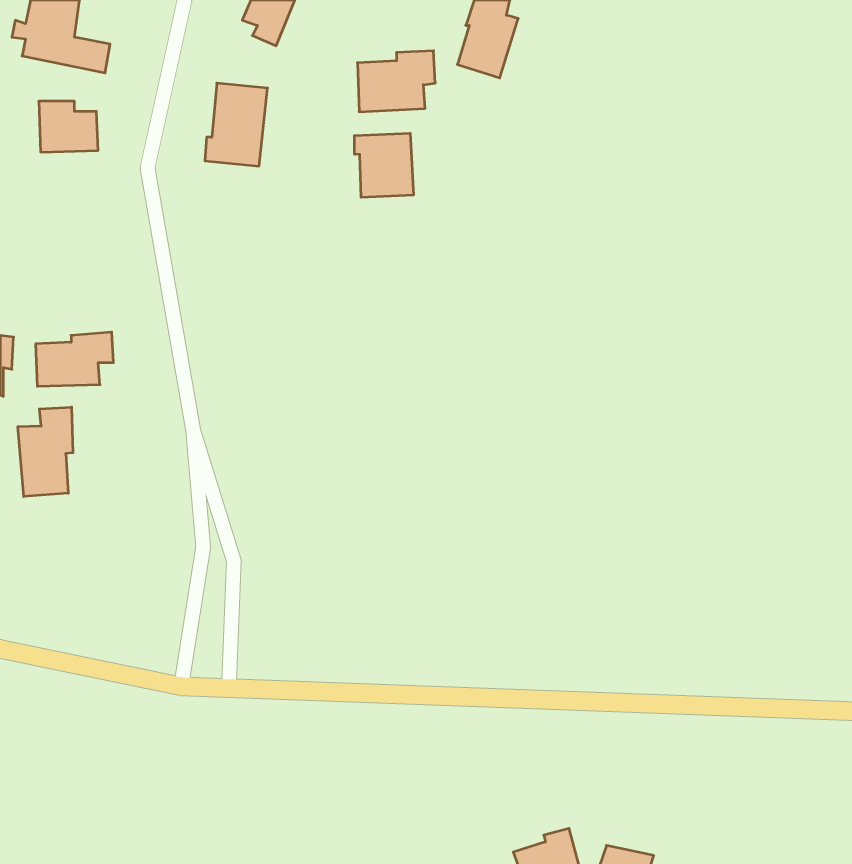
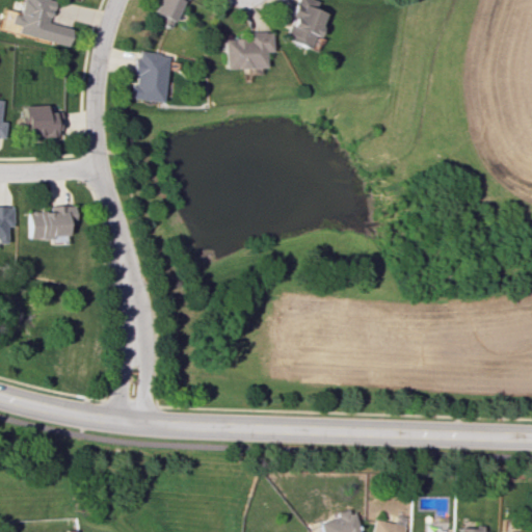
building: [39,101,98,152] -> [28,106,64,137]
building: [354,133,413,197] -> none
building: [18,407,73,497] -> none

